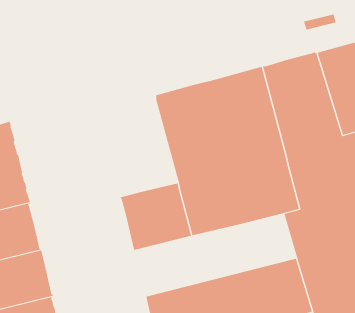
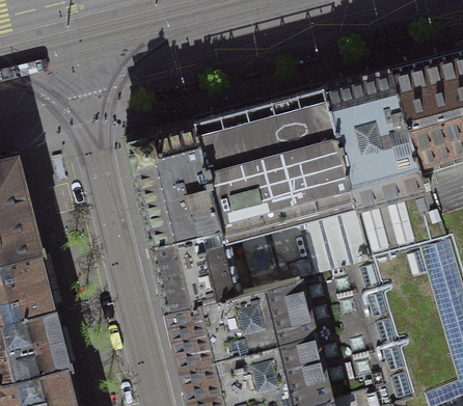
building: none -> [125,125,222,249]
building: none -> [168,269,365,370]

